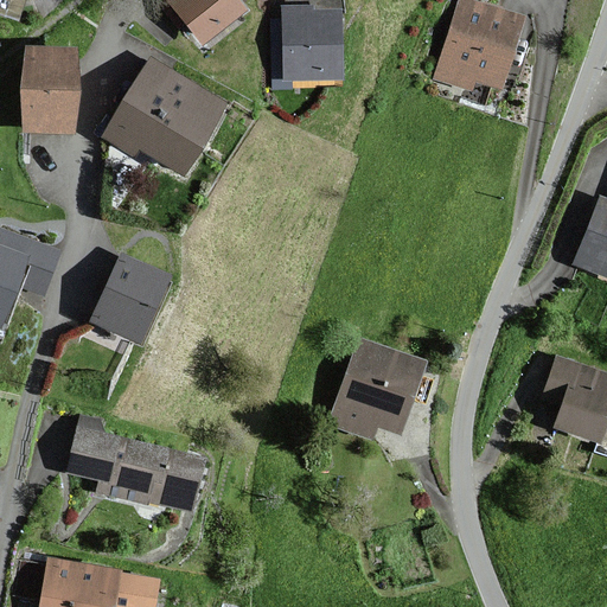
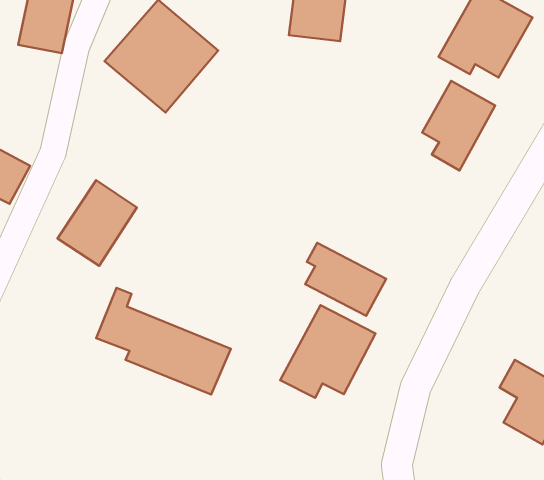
building: none -> [422,81,495,170]
building: none -> [305,243,386,316]
building: [70,416,203,505] -> [96,288,231,394]

